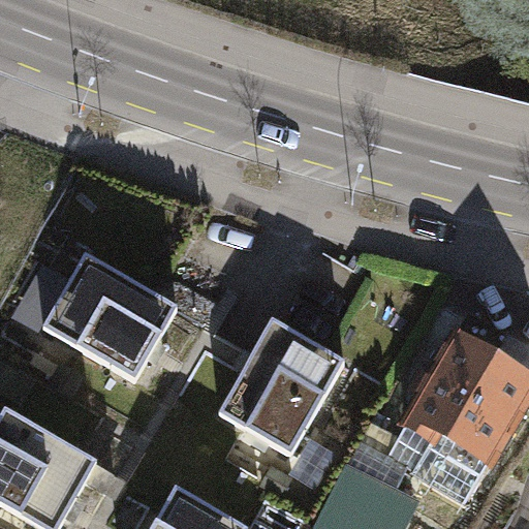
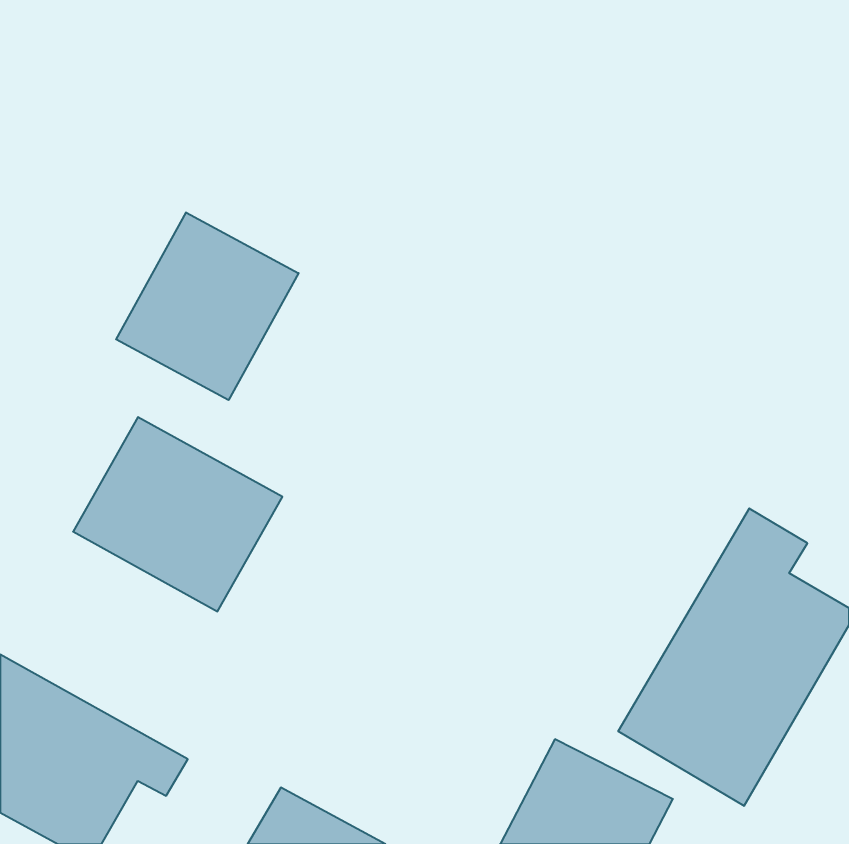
building: none -> [116,212,299,400]
building: [218,320,343,455] -> none

